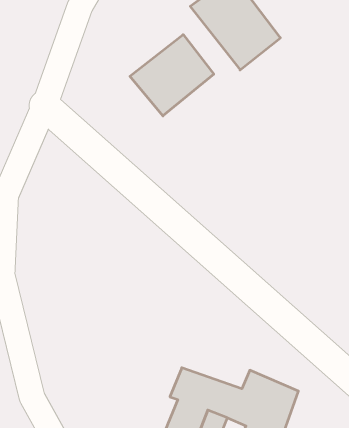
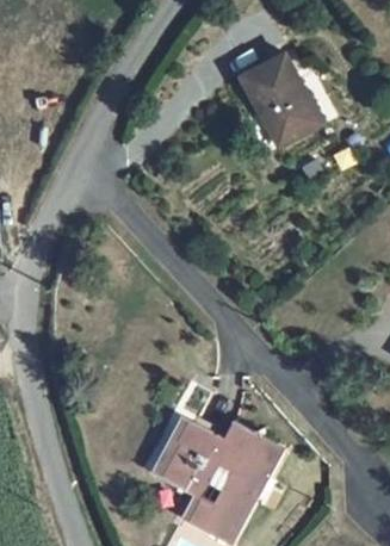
building: [130,35,214,116] -> none

